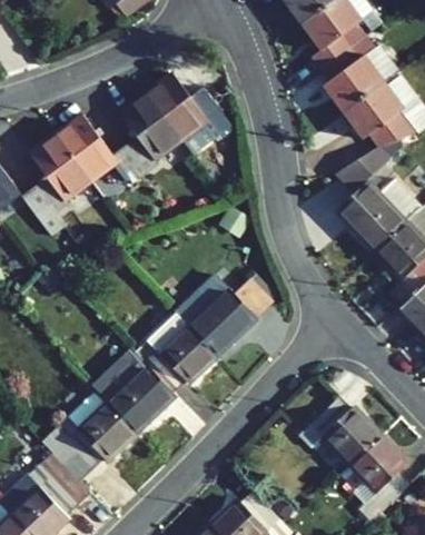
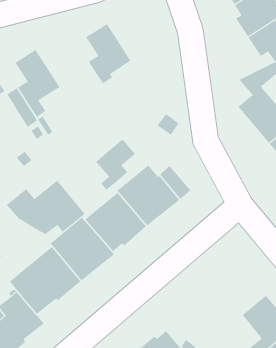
building: [147,75,234,157] -> none
building: [56,116,146,185] -> none
building: none -> [95,138,136,191]
building: none -> [6,180,86,235]
building: [299,397,379,465] -> none

